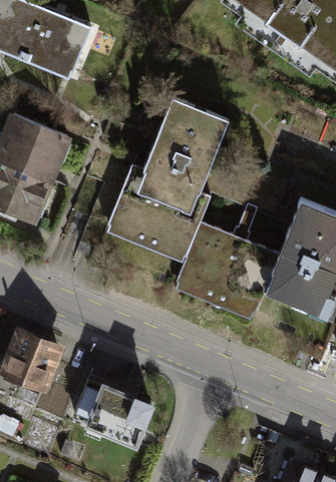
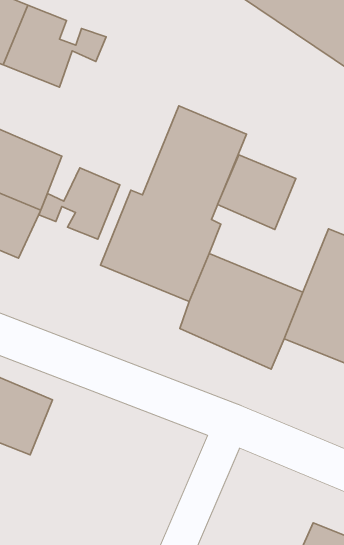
building: none -> [218,155,296,229]
building: none -> [39,168,120,239]
building: [74,374,154,448] -> none

